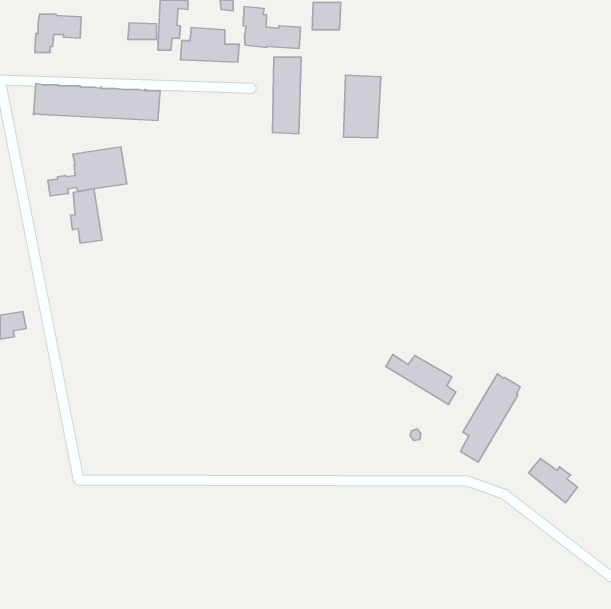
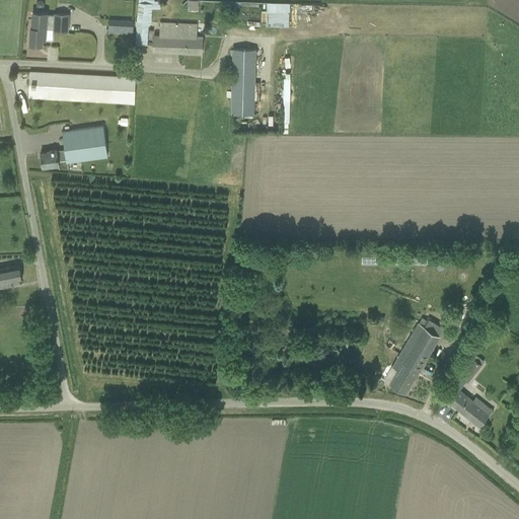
building: [243,7,301,49] -> none
building: [344,75,381,138] -> none
building: [70,189,102,243] -> none
building: [386,354,456,404] -> none

